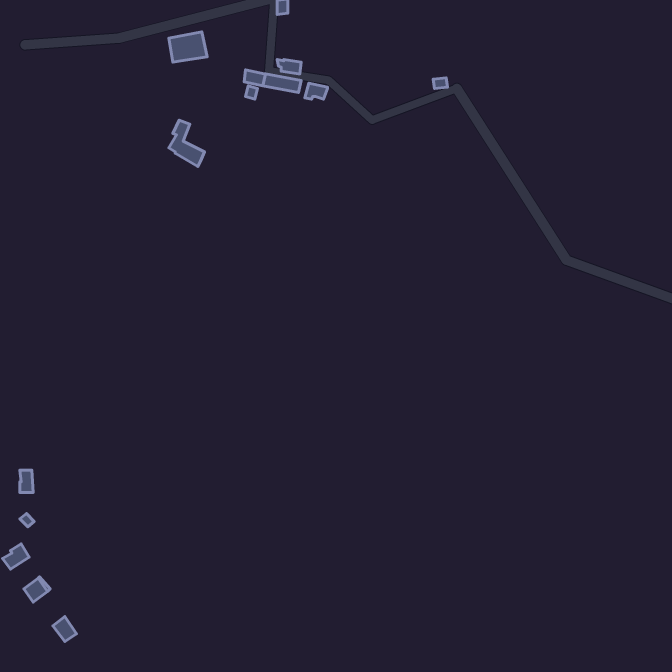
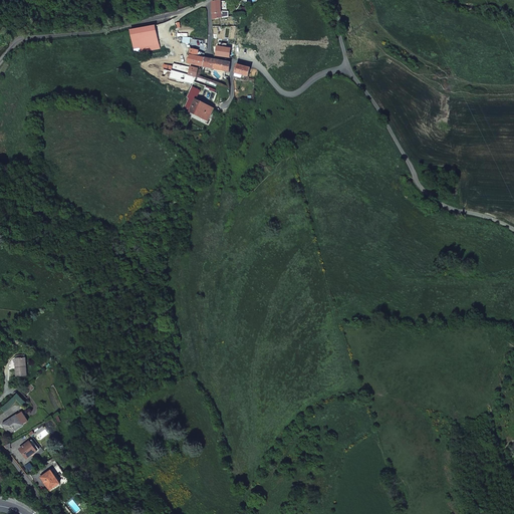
building: [169,120,204,166] -> [183,84,210,119]

